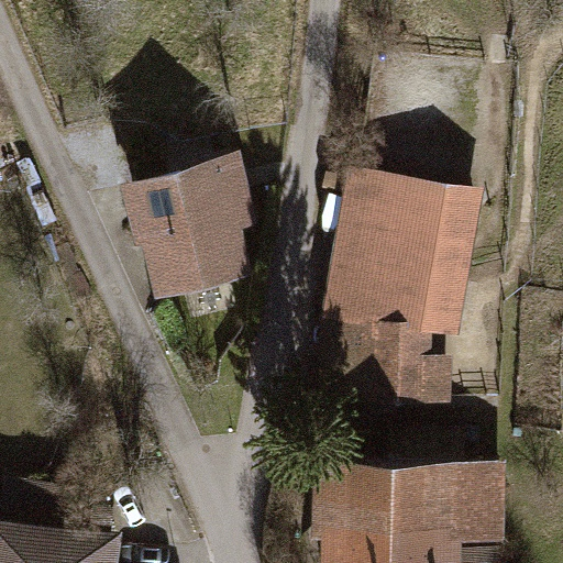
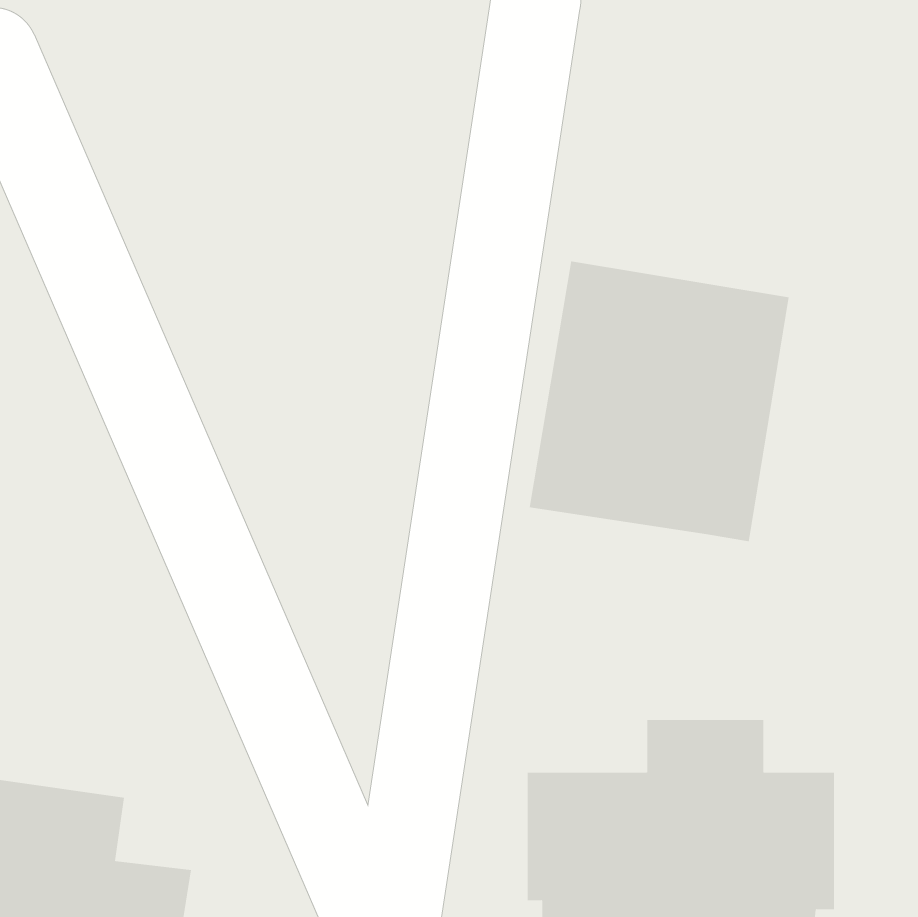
building: [123,165,255,310] -> none
building: [320,313,450,398] -> none

